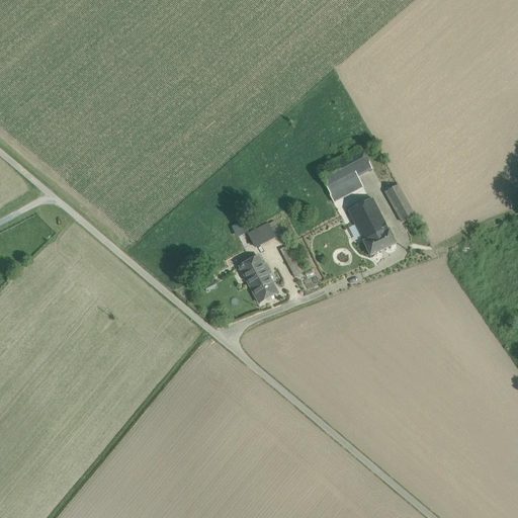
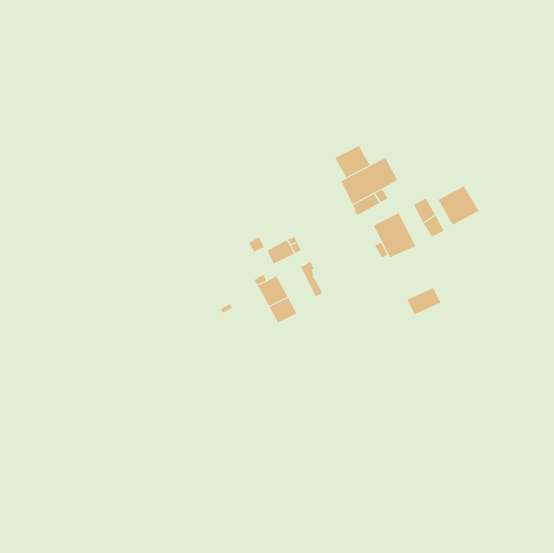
building: none -> [335,145,371,178]
building: none -> [438,185,480,226]
building: [363,230,396,255] -> [406,288,441,315]

